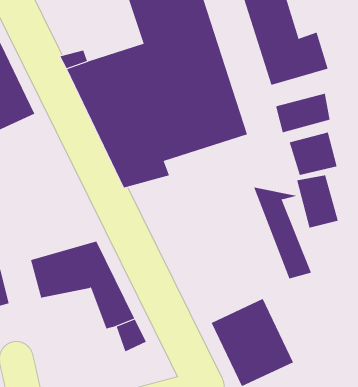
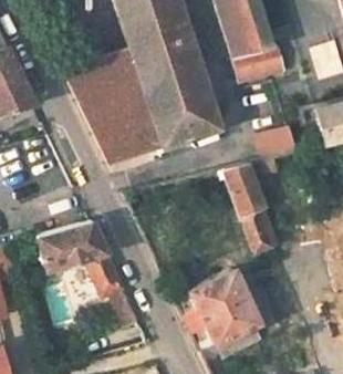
building: [276,93,330,133] -> none
building: [297,174,338,229] -> none

